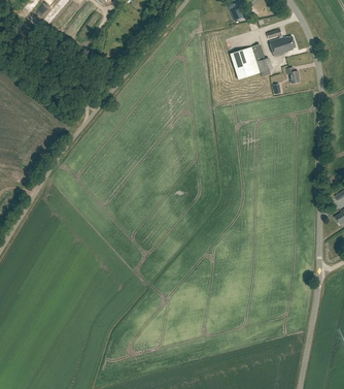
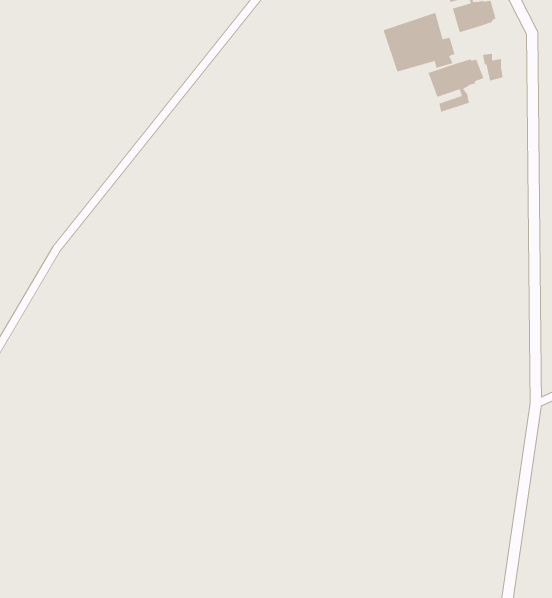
building: none -> [428,58,484,113]

